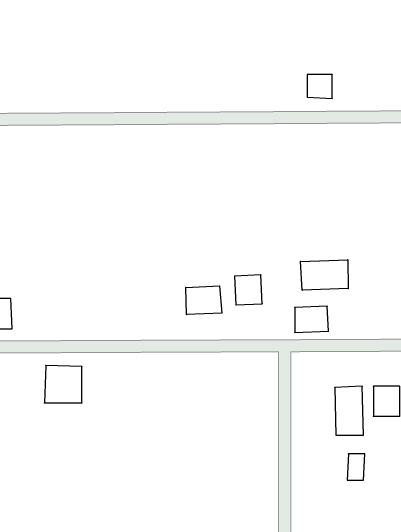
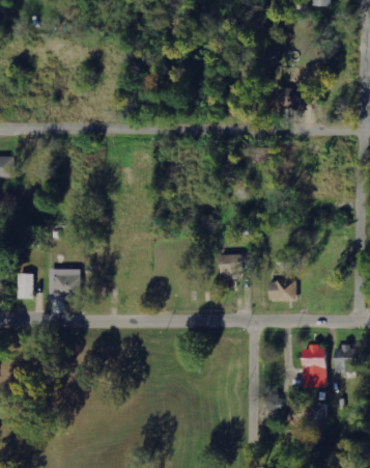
building: [300,260,348,290] -> none
building: [186,286,222,315] -> none
building: [44,365,82,403] -> [49,268,80,299]

